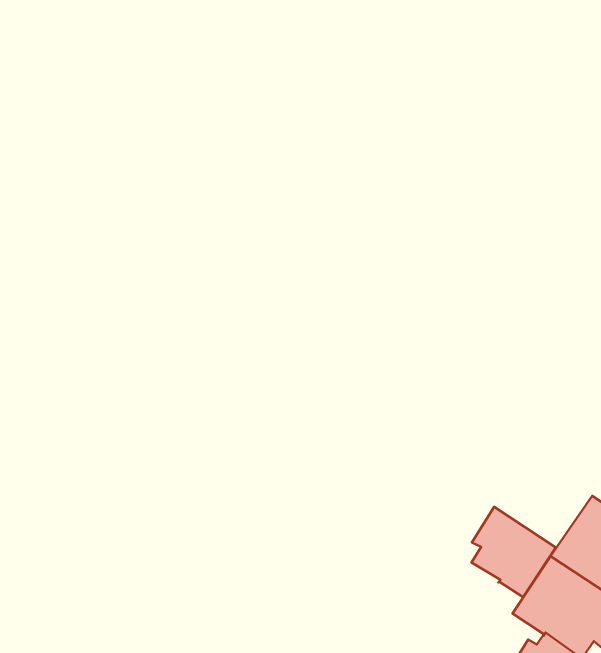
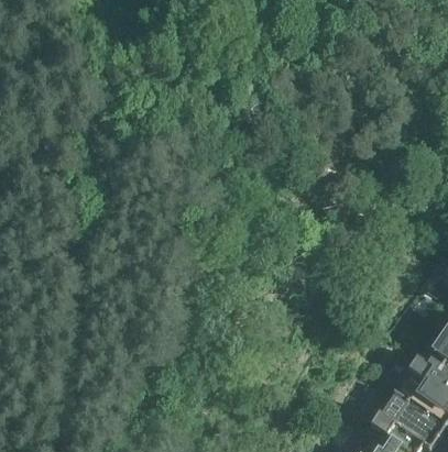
building: [471,507,556,597] -> none

